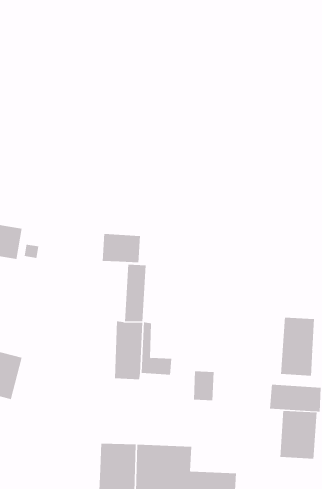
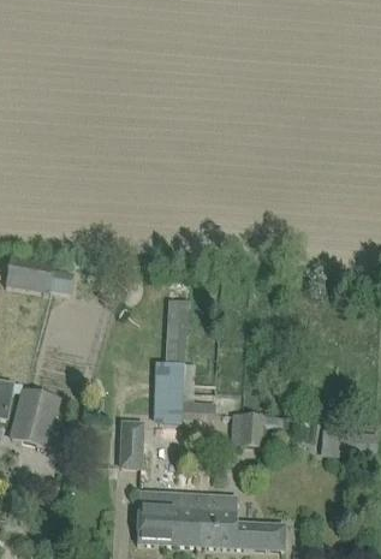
building: [102,233,140,263] -> none
building: [281,317,315,376] -> none
building: none -> [121,422,144,463]
building: [280,410,317,459] -> none

